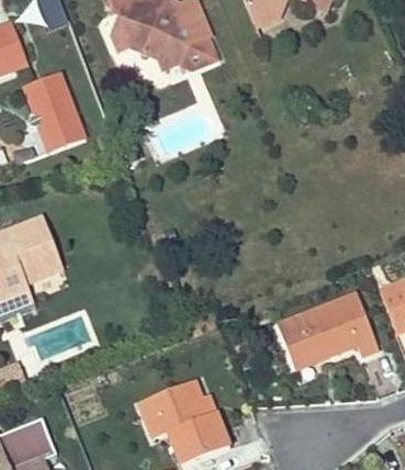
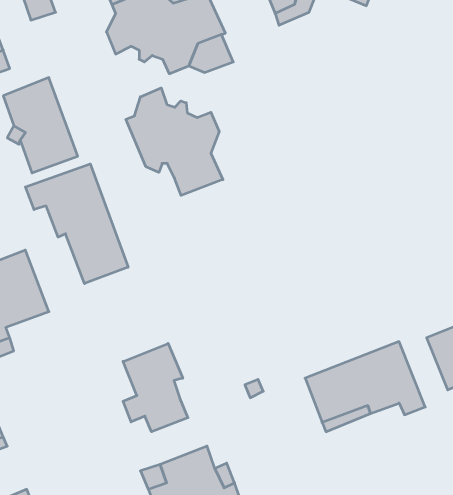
building: none -> [126,88,223,195]
building: none -> [25,164,128,284]
building: none -> [123,343,188,432]

